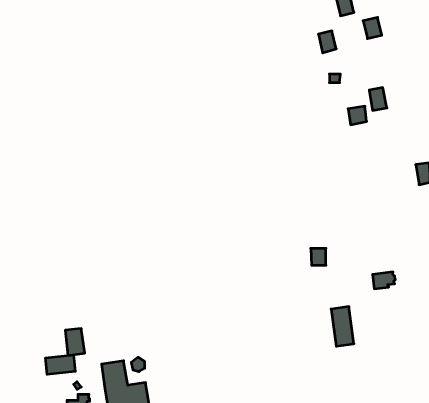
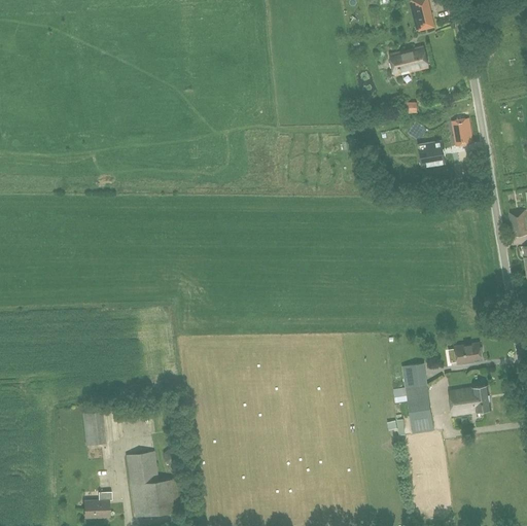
building: [363,17,382,39] -> [406,45,428,71]
building: [311,248,326,265] -> [410,363,428,384]
building: none -> [448,385,491,415]
building: [46,355,75,374] -> none

